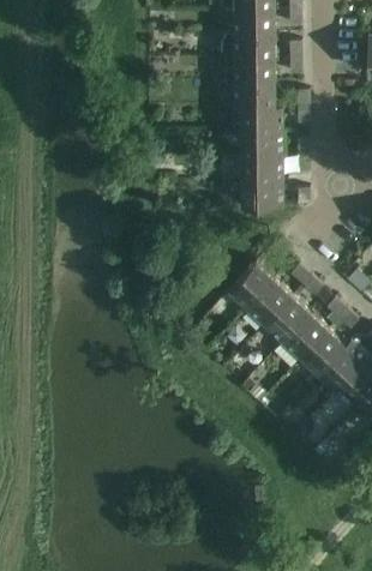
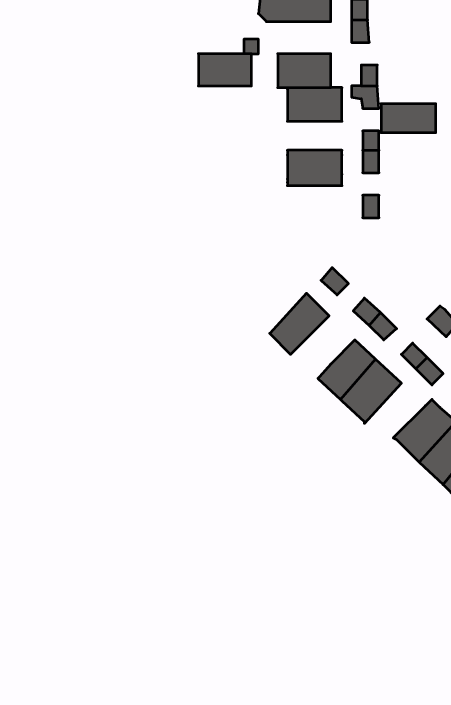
building: [234,59,274,83] -> [198,54,251,86]
building: [241,133,282,155] -> [381,104,436,133]
building: [241,181,283,206] -> none
building: [244,278,292,325] -> none
building: [299,329,344,374] -> none

